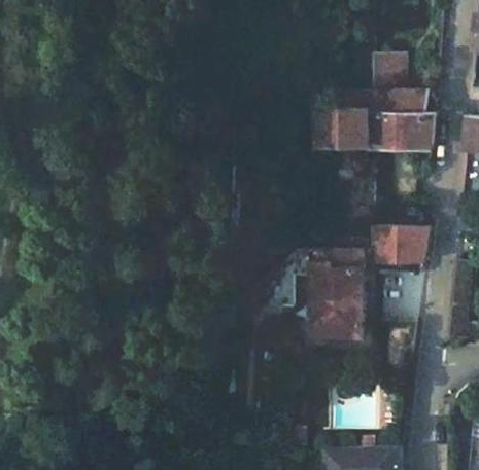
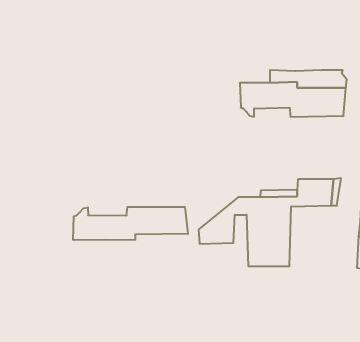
building: [372,58,404,95] -> none
building: none -> [73,207,188,240]

